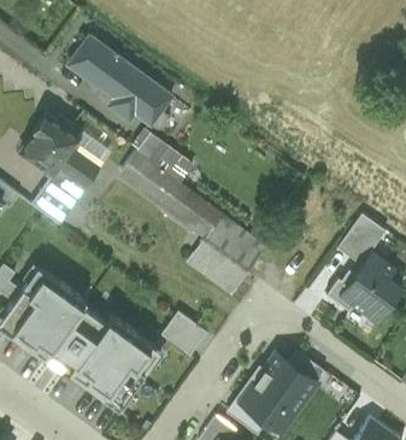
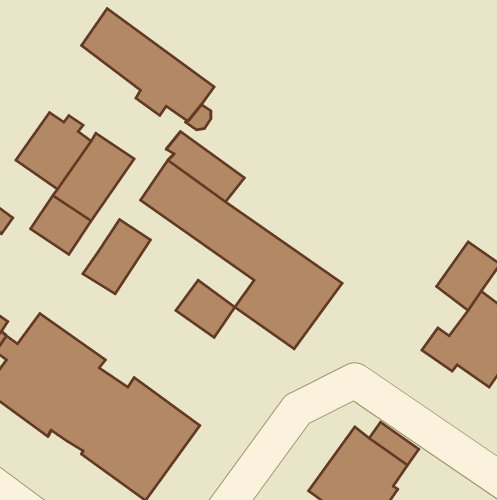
building: none -> [83,219,150,294]
building: [161,312,206,356] -> [176,280,235,338]

